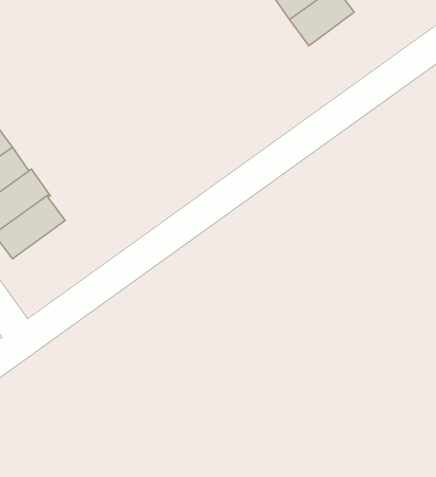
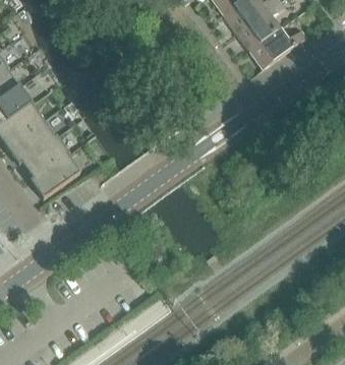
building: none -> [248,23,307,65]

